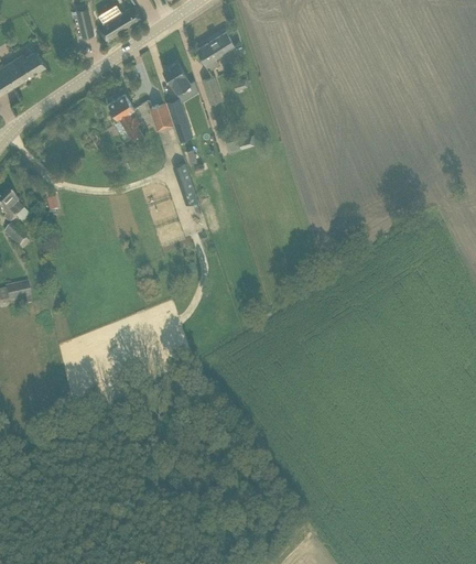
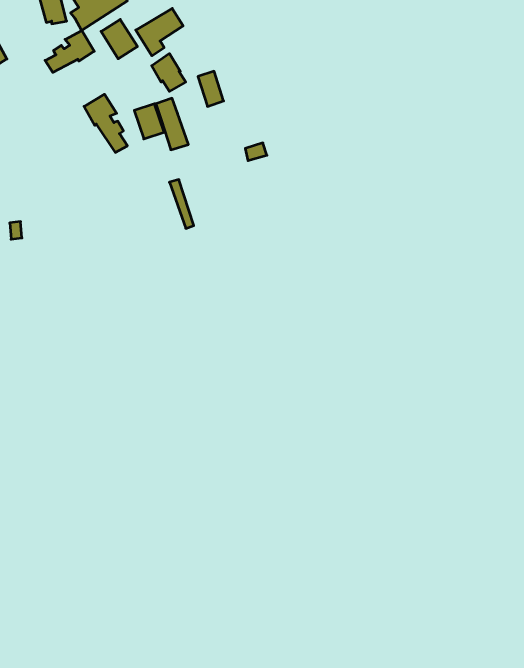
building: [195,31,234,69] -> [136,8,183,56]
building: none -> [101,19,137,59]
building: none -> [45,30,94,72]

